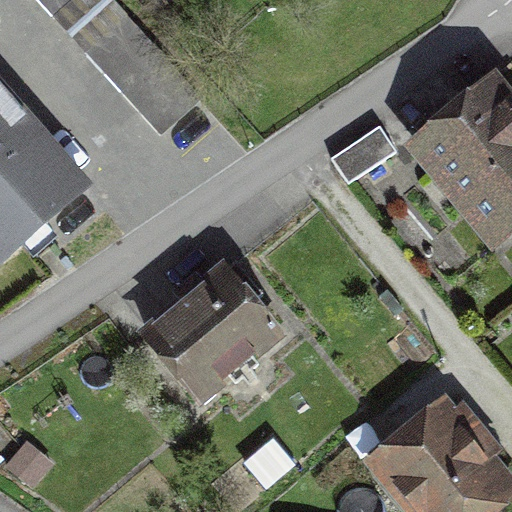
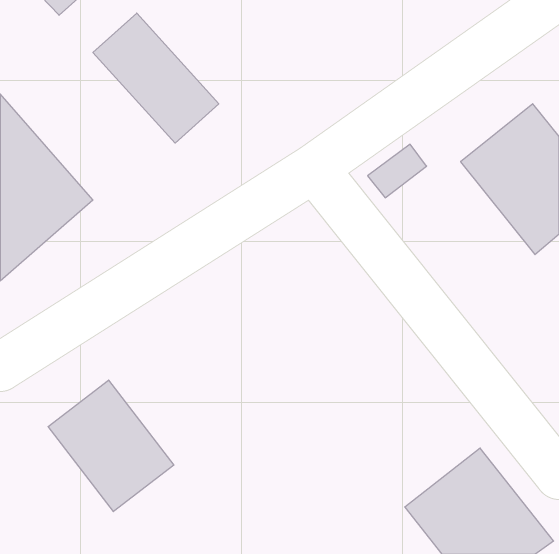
building: [147,273,277,395] -> none
building: none -> [48,380,174,512]

